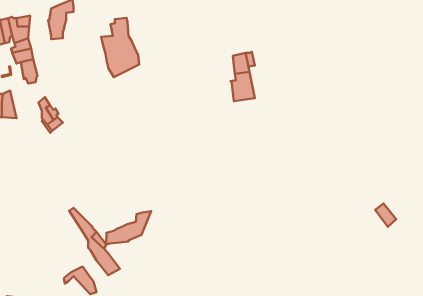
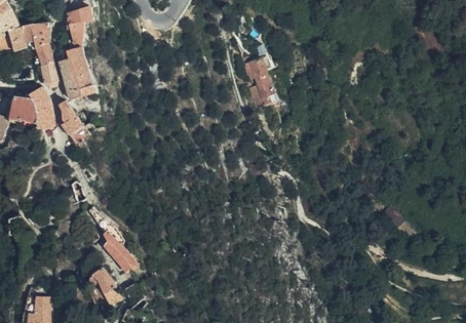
building: [101,18,139,77] -> [56,44,93,102]
building: none -> [30,89,52,139]
building: [106,211,151,245] -> none

